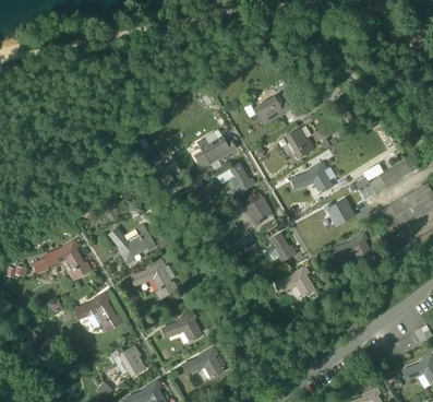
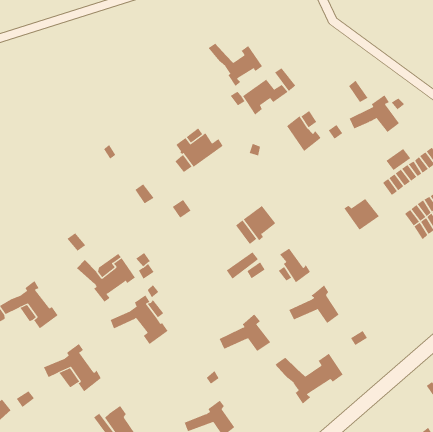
building: none -> [208,43,263,87]
building: [292,162,333,192] -> [349,95,400,133]
building: [220,163,255,198] -> none
building: [334,232,374,262] -> none
building: [161,311,203,342] -> [219,314,271,352]
building: none -> [275,353,343,404]

